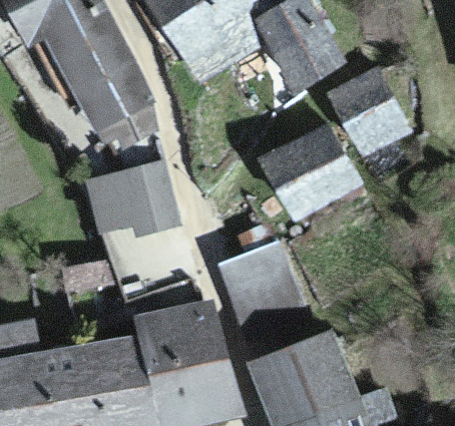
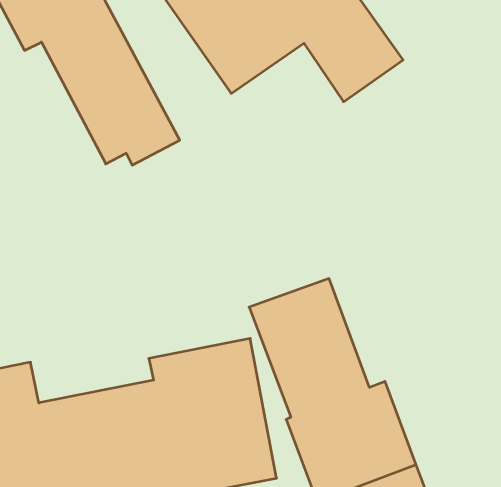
building: [331,70,414,160] -> none
building: [261,125,360,222] -> none
building: [87,162,180,241] -> none

